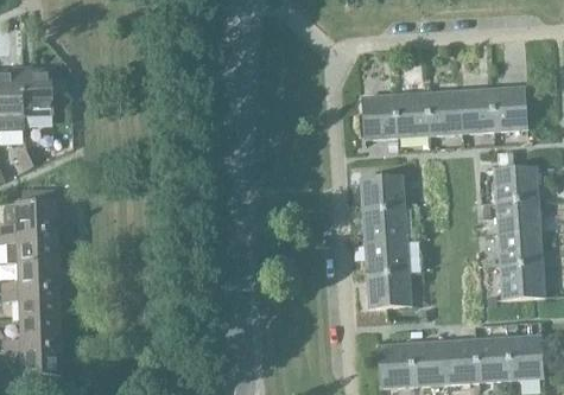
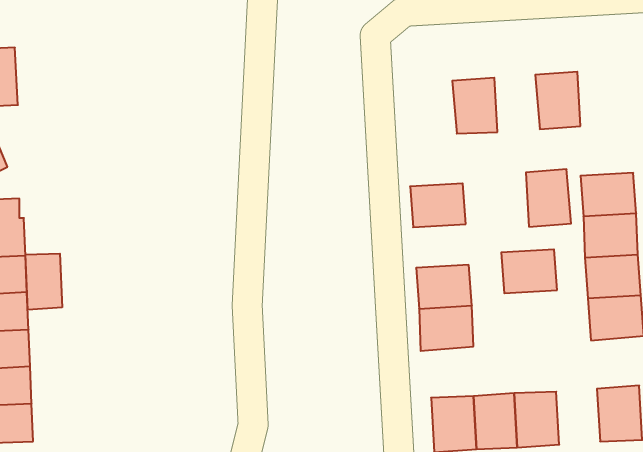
building: [492,85,527,130] -> none
building: [426,90,462,135] -> [526,169,571,227]
building: [361,95,397,139] -> none
building: [362,208,406,242] -> [501,249,557,293]
building: none -> [25,254,62,310]
building: [475,337,509,381] -> none

